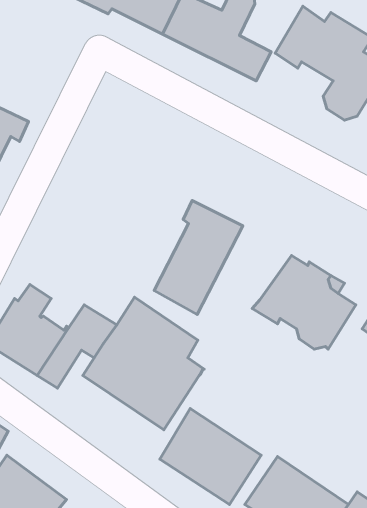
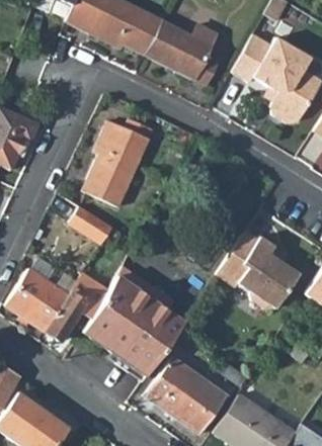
building: [154,201,243,314] -> [81,118,152,209]
building: none -> [66,205,111,244]

